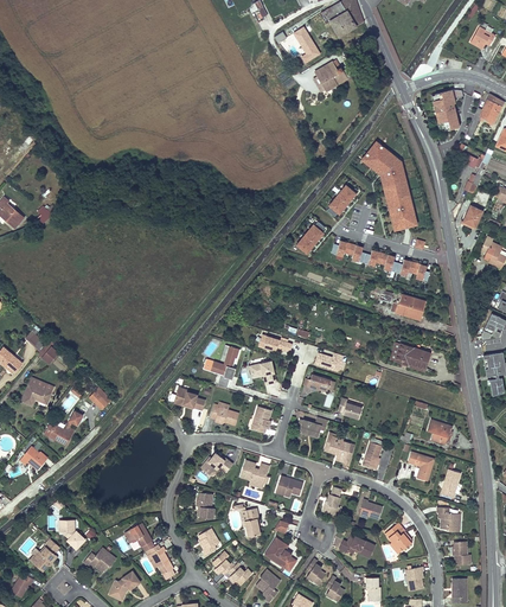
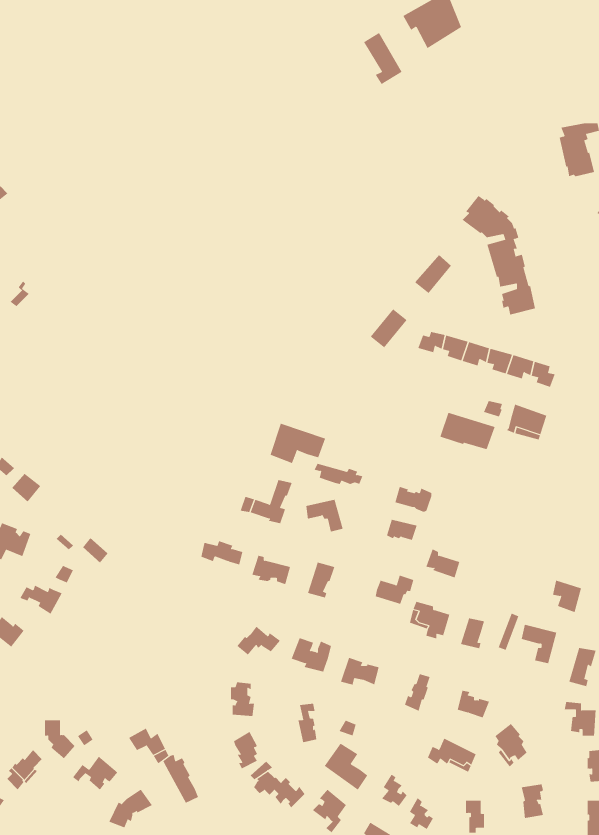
building: [315,62,347,91] -> none
building: none -> [270,423,326,464]
building: [390,341,430,369] -> [439,412,495,450]

